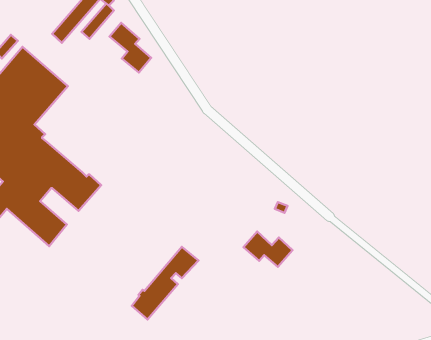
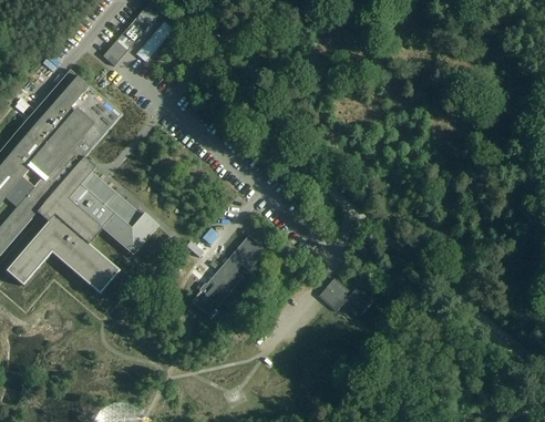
building: [109,23,151,72] -> none
building: [132,247,199,319] -> [192,235,267,317]

